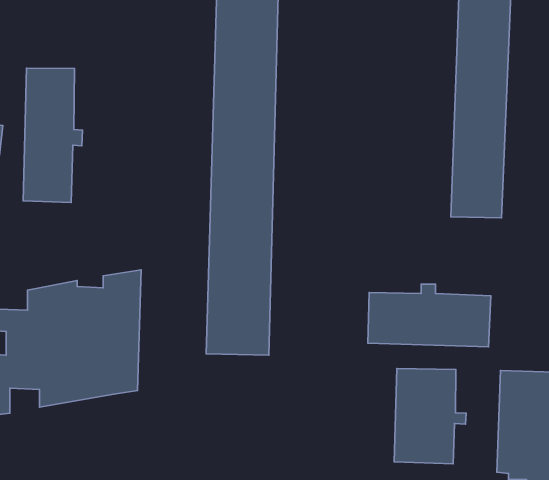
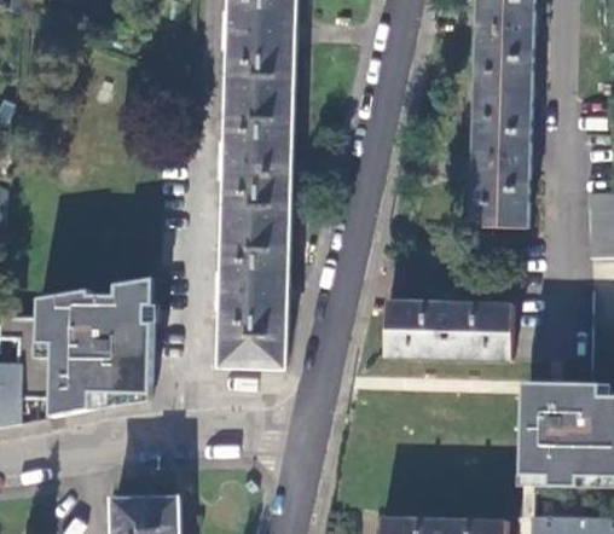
building: [23,68,83,202] -> none
building: [394,369,466,464] -> none

